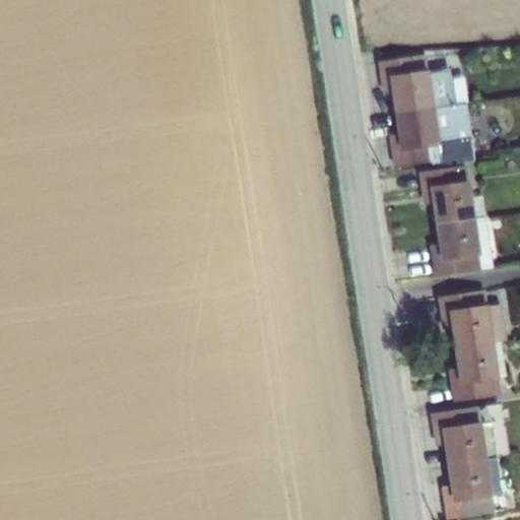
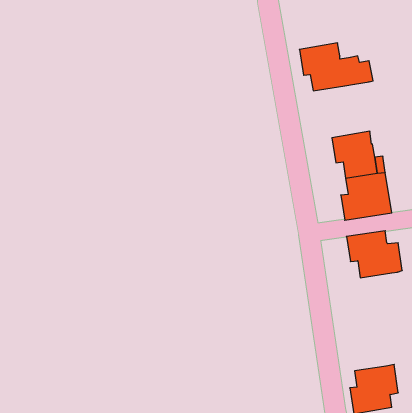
building: [389,104,473,169] -> none
building: [448,342,506,401] -> none
building: [430,407,497,466] -> none

